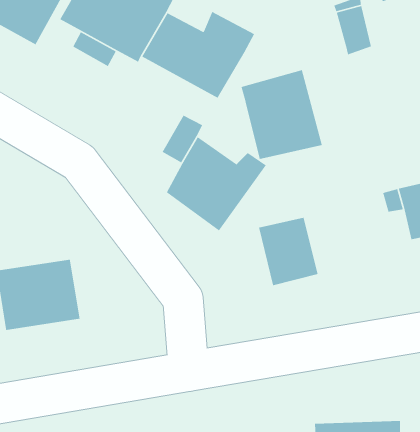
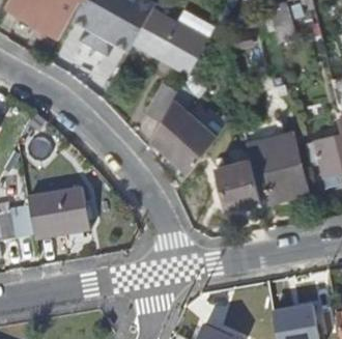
building: [240,69,323,160] -> [247,136,306,201]

